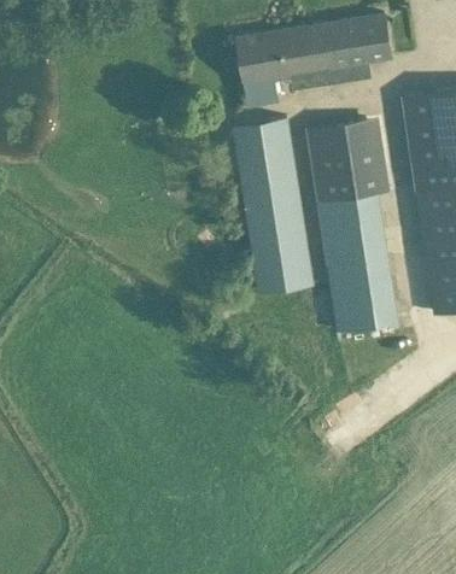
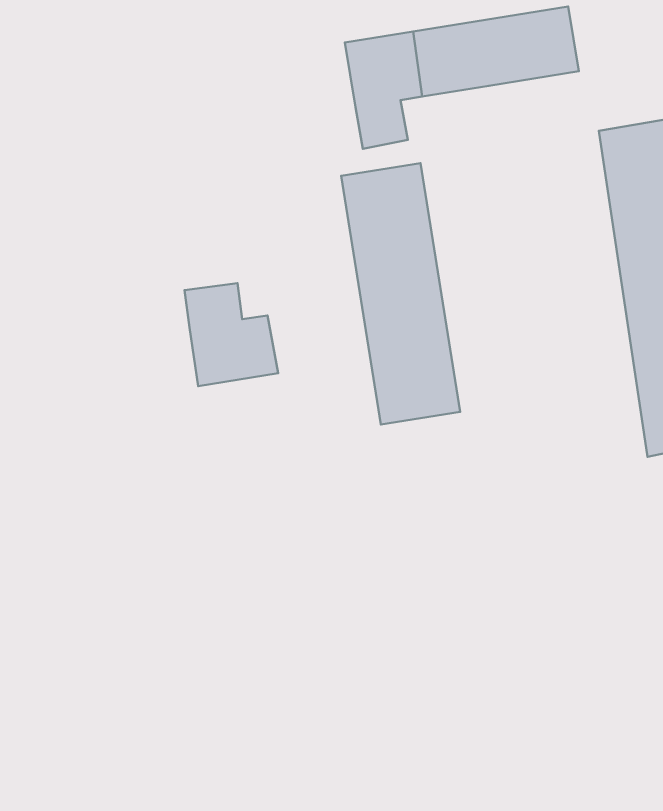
building: [305,121,399,333] -> none
building: none -> [184,283,278,386]

